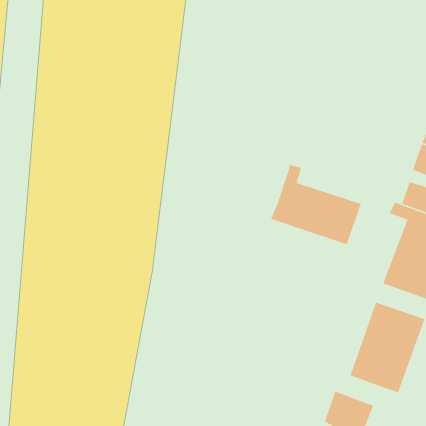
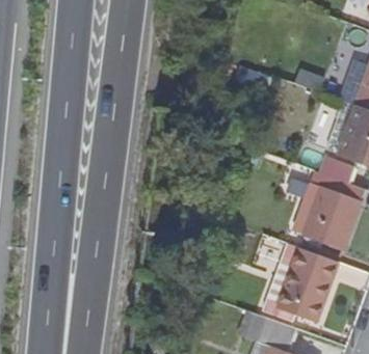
building: [270,164,362,245] -> none

